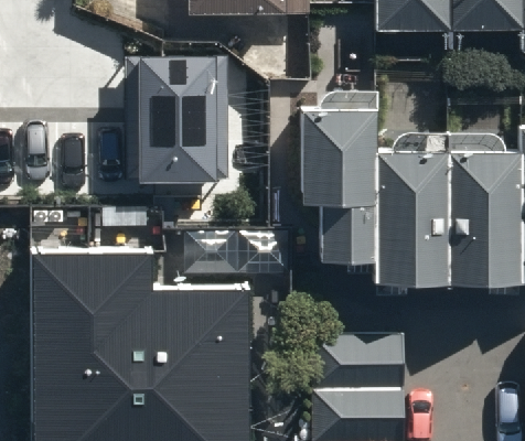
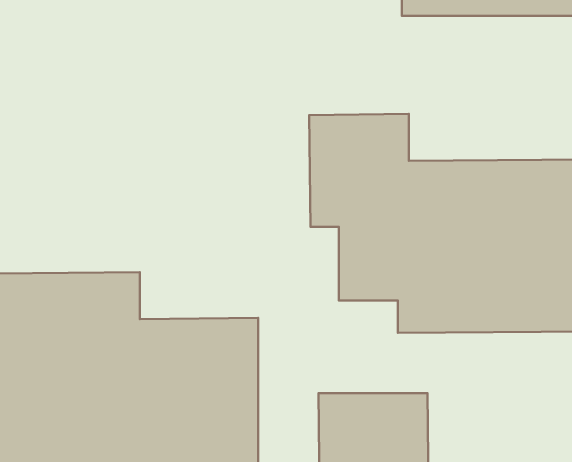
building: [133,64,216,191] -> none

